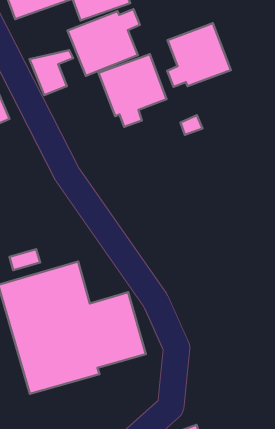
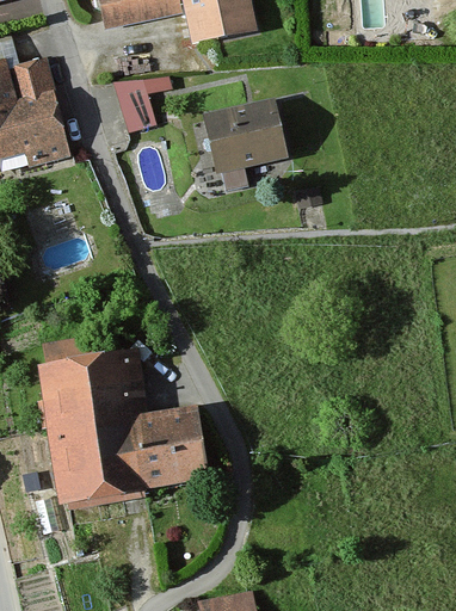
building: [67,9,140,76] -> none
building: [167,23,231,87] -> none

